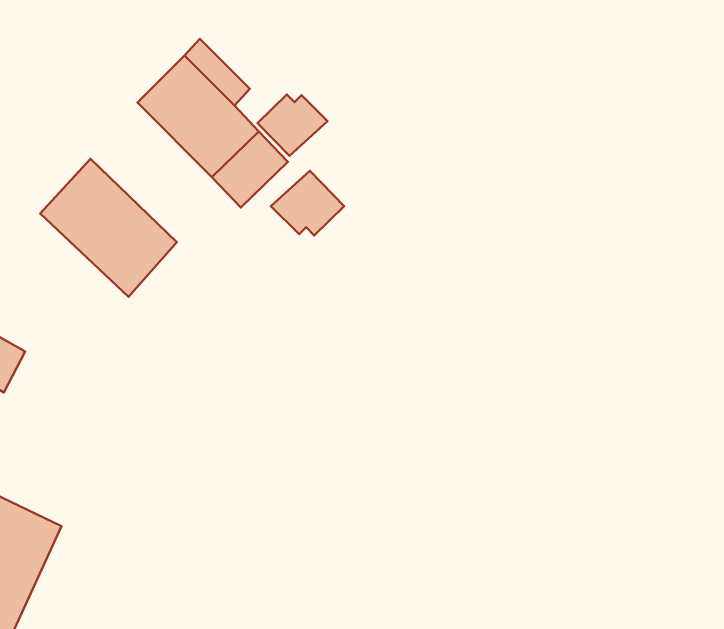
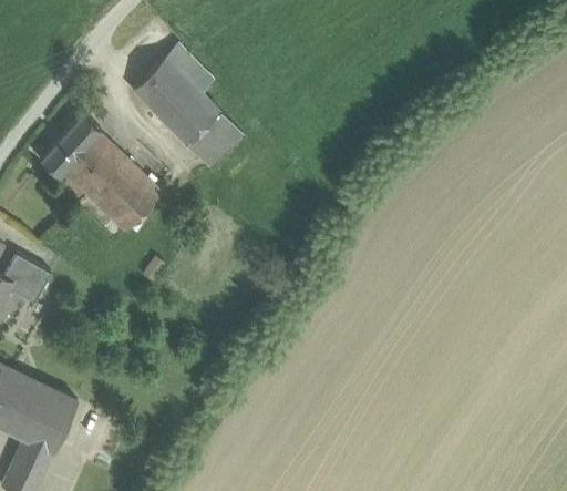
building: [258,95,327,156] -> none
building: none -> [41,113,100,174]
building: [271,171,344,235] -> none

